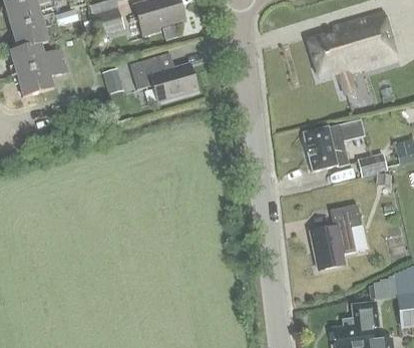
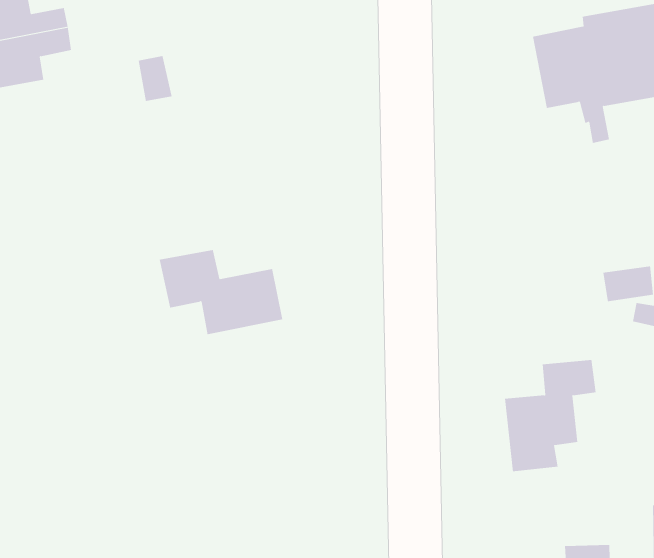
building: [128,55,196,100] -> [159,249,283,335]
building: [302,118,364,169] -> none

